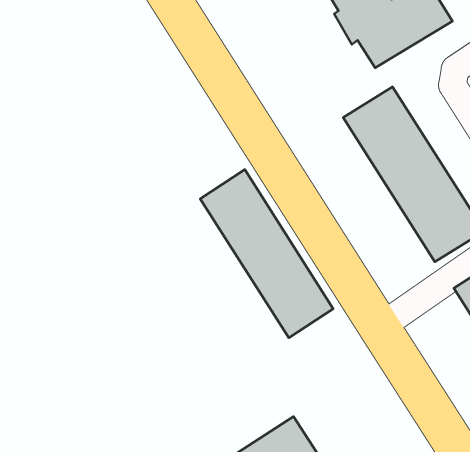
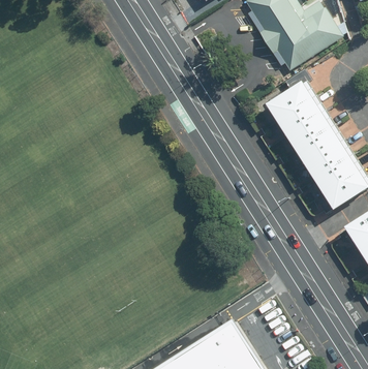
building: [200,170,333,338] -> none

